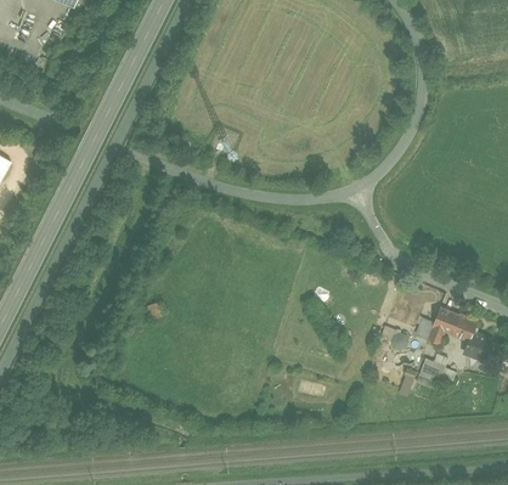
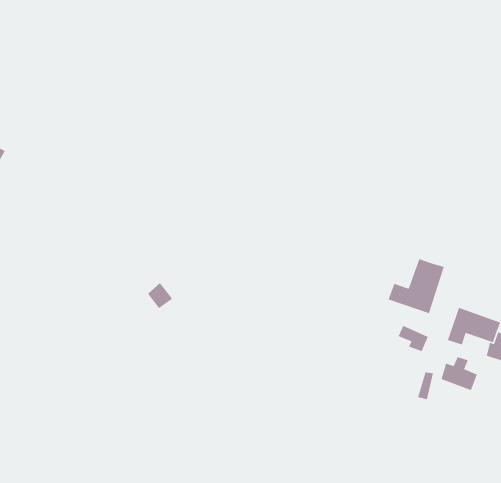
building: none -> [388,258,445,314]

